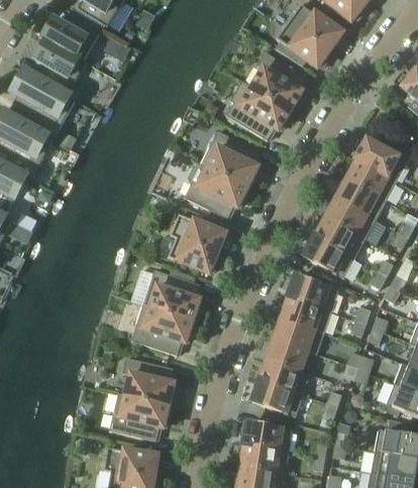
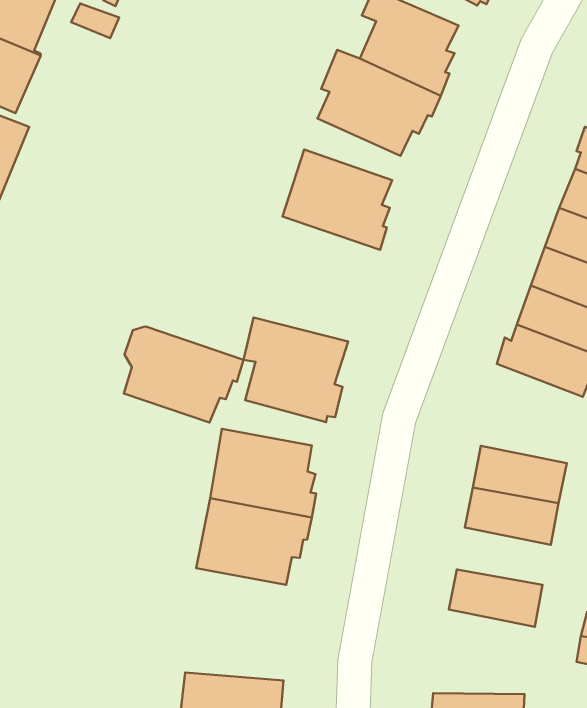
building: [185,163,249,217] -> [124,326,244,423]
building: [288,274,338,311] -> none
building: [267,337,317,373] -> none
building: [118,357,174,404] -> none
building: [250,379,303,415] -> none

